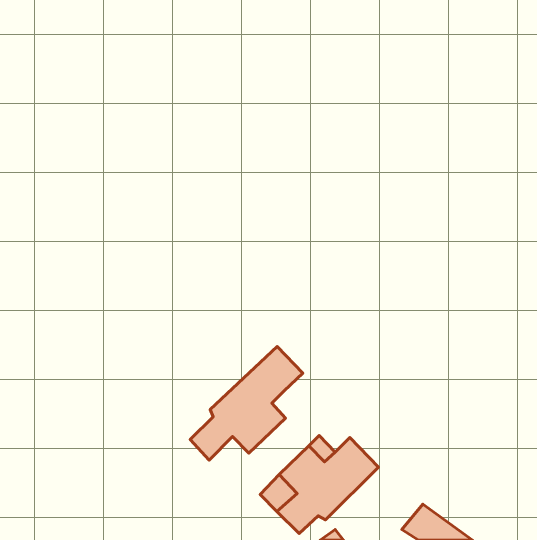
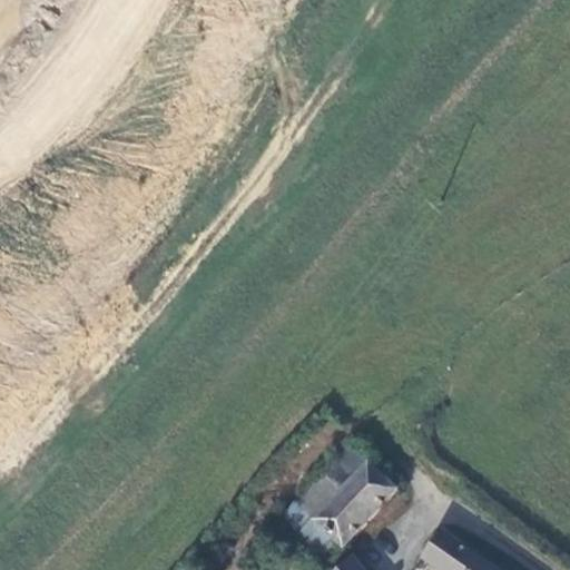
building: [190,347,303,460] -> none

